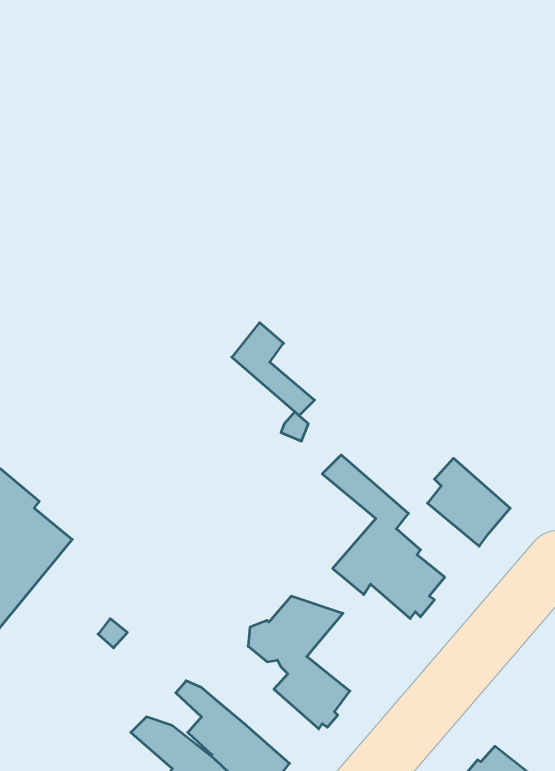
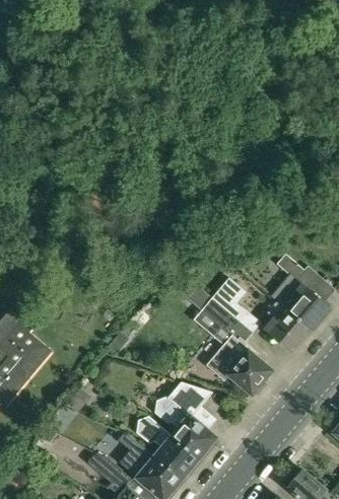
building: [232,323,315,416] -> [210,279,259,334]
building: none -> [271,255,330,331]
building: none -> [136,419,197,481]

